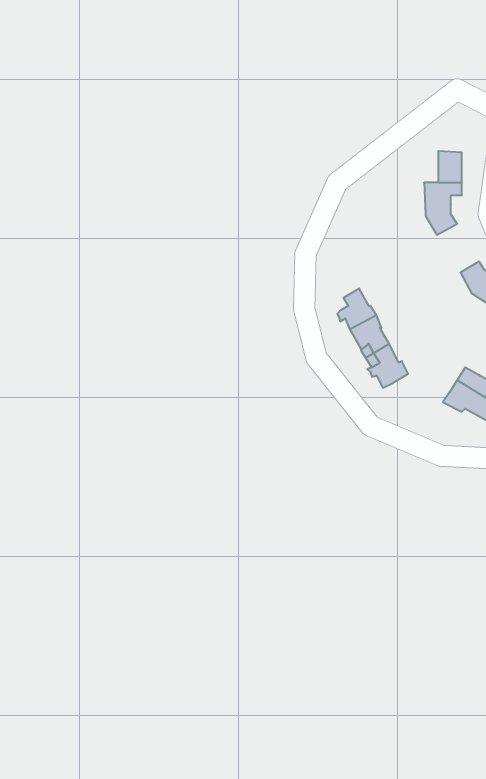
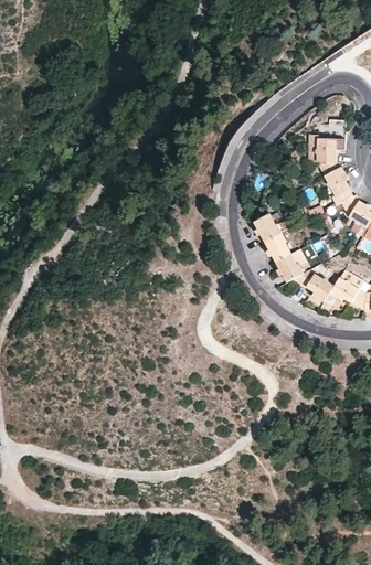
building: none -> [326,169,353,206]
building: none -> [295,271,335,302]

